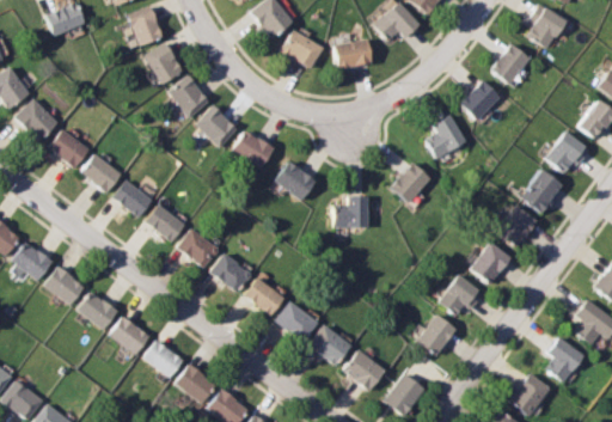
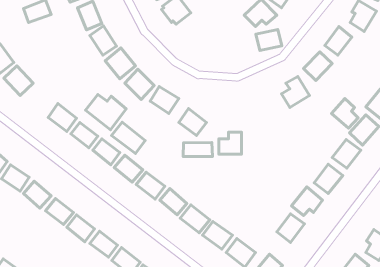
building: [277,27,320,67] -> none
building: [330,37,368,68] -> [256,29,282,51]
building: [50,129,91,169] -> none
building: none -> [85,95,126,130]
building: none -> [332,99,358,128]
building: [386,161,427,202] -> none
building: none -> [111,122,145,153]
building: none -> [183,143,213,156]

